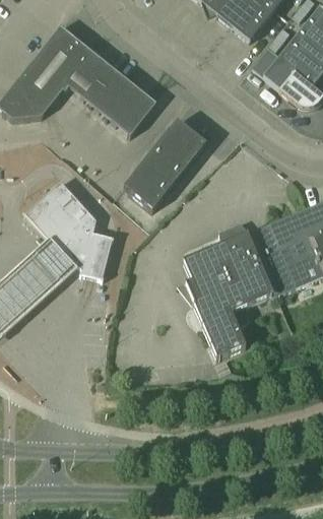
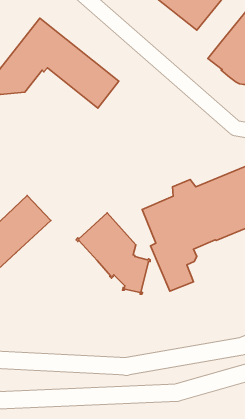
building: [123,118,206,208] -> none
building: [23,180,113,278] -> [76,213,150,294]

